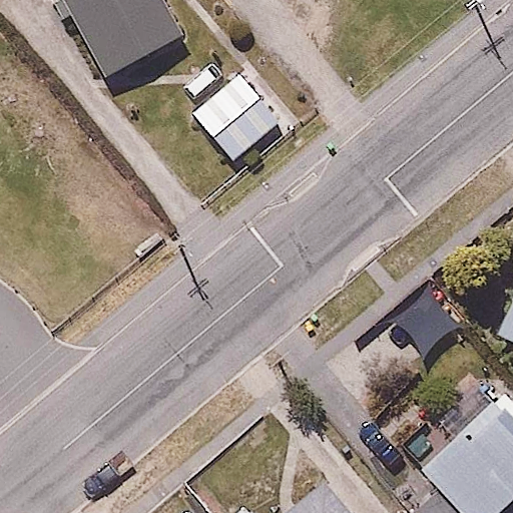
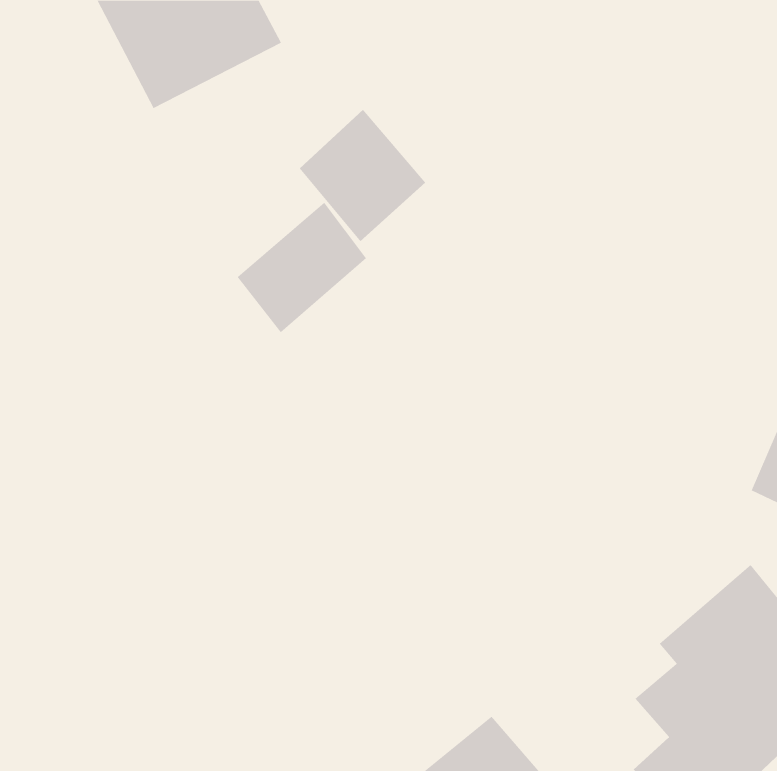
building: none -> [237,202,367,333]

